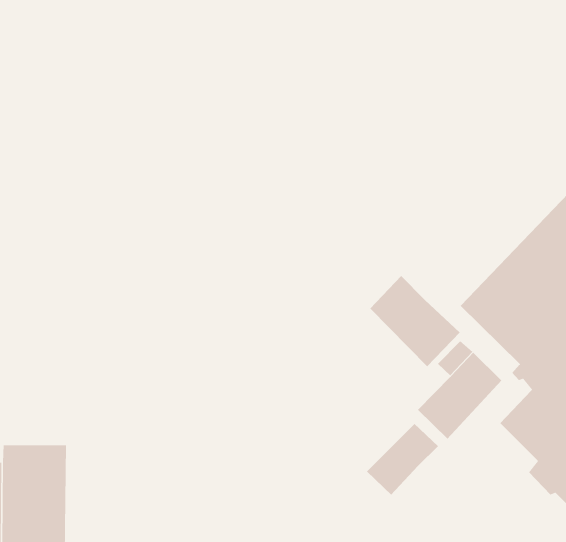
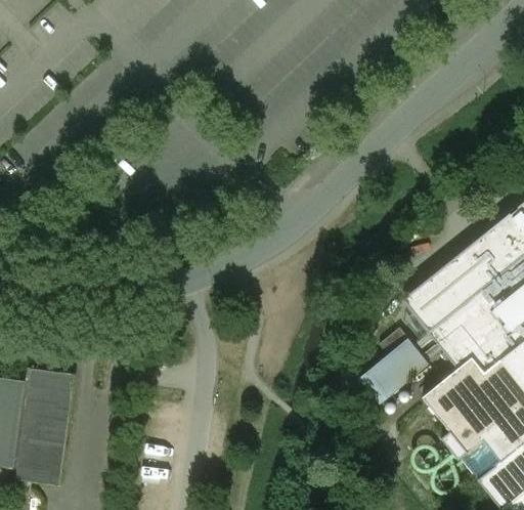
building: [369,275,460,367] -> none
building: [366,423,439,495] -> none

